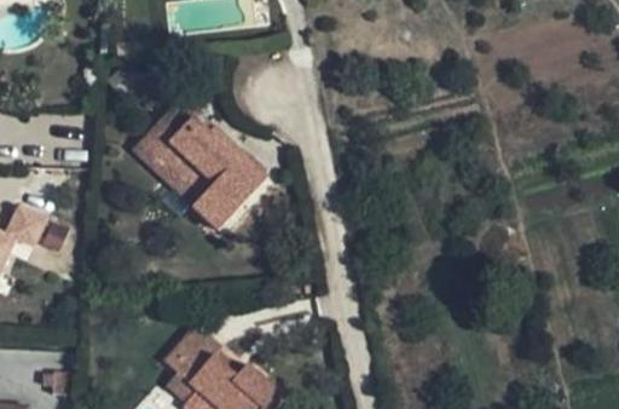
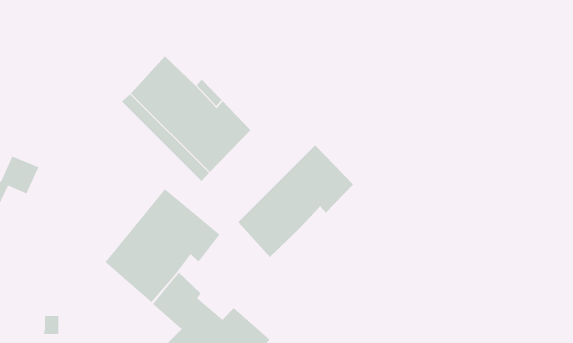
building: none -> [237,145,354,258]
building: none -> [104,188,221,303]

